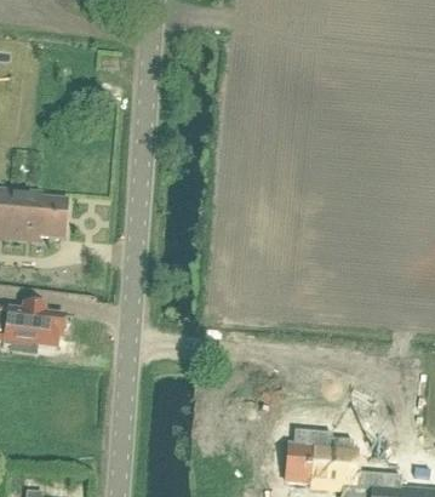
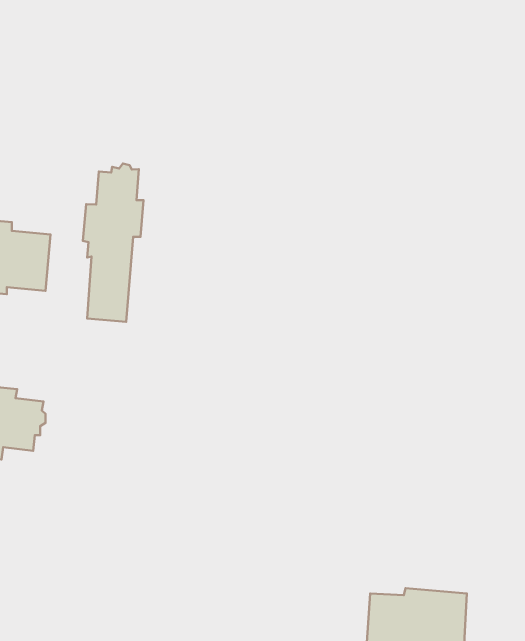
building: none -> [83,164,144,322]

